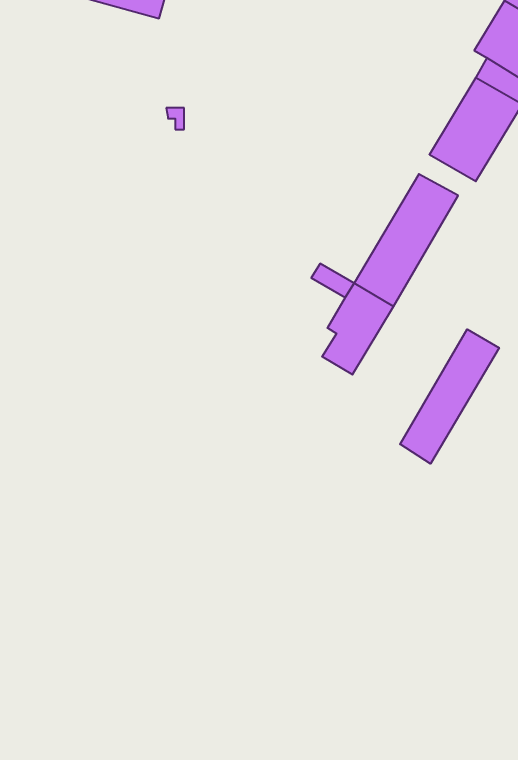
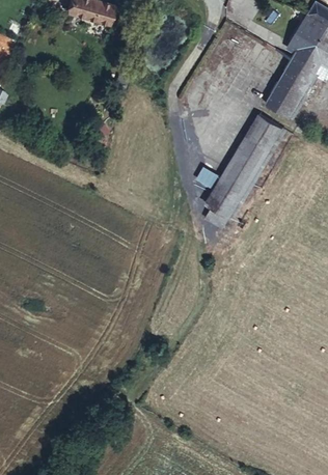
building: [400,329,499,464] -> none

